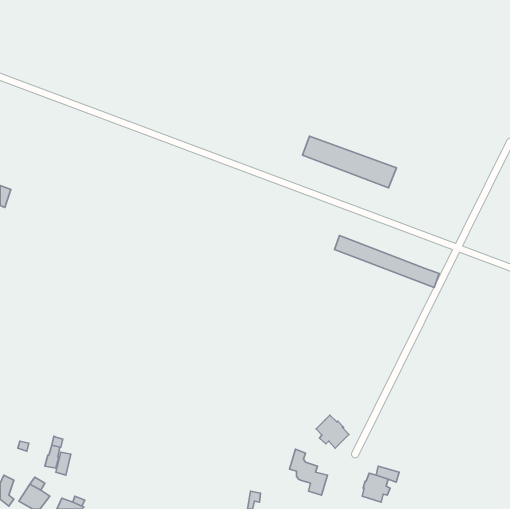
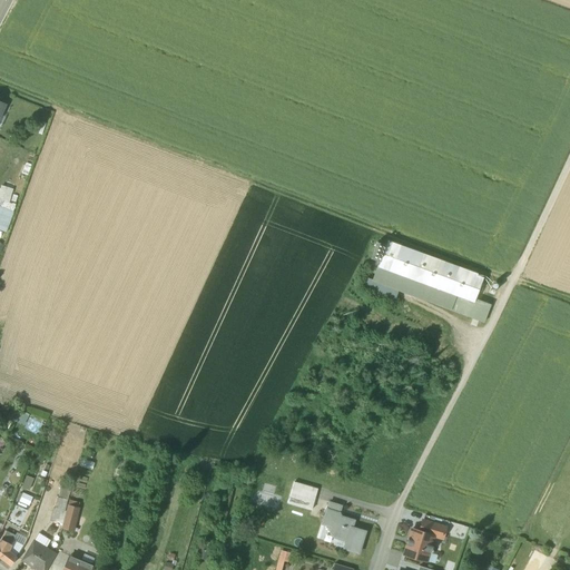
building: [303,136,396,188] -> [379,242,483,299]
building: [316,415,349,448] -> none
building: none -> [284,482,317,509]

